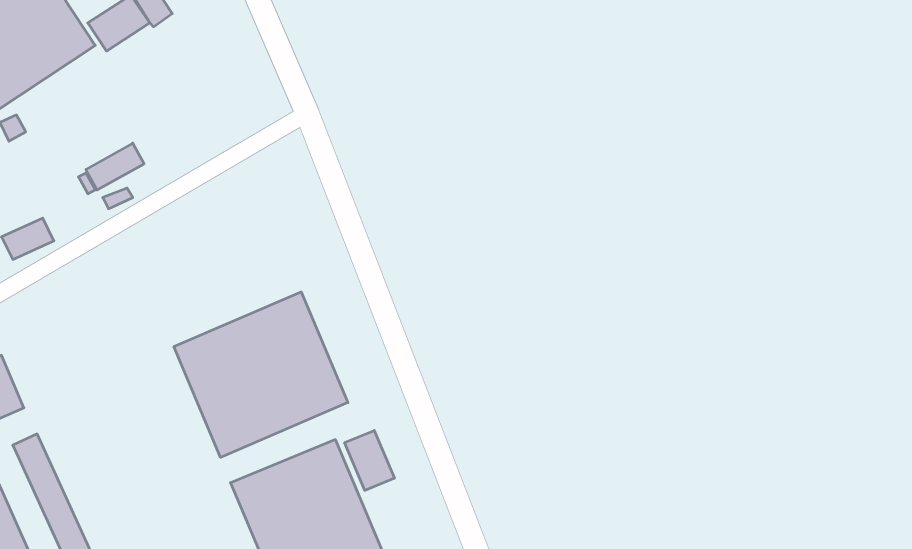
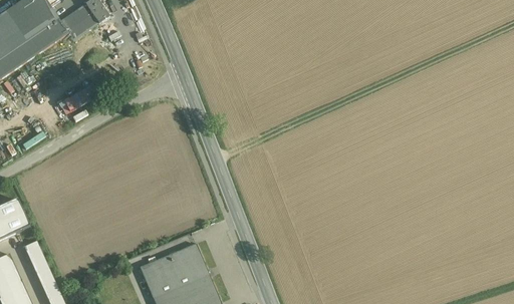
building: [174,292,348,457] -> none
building: [345,430,394,490] -> none

